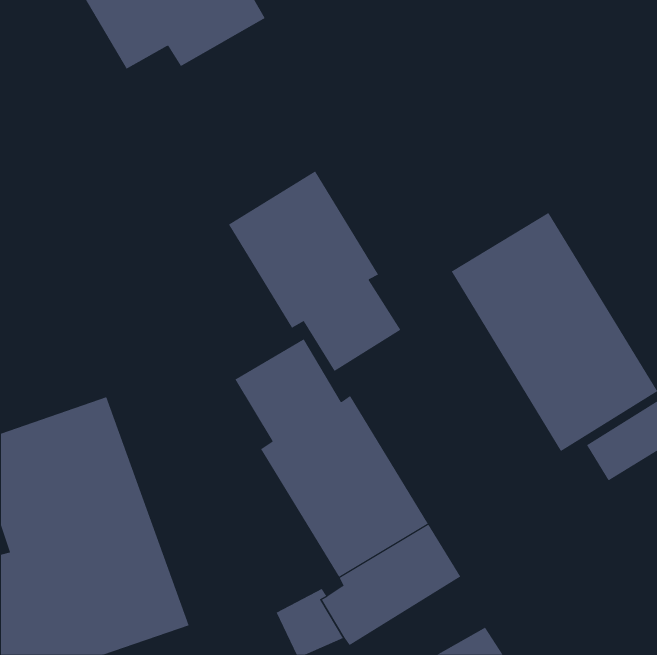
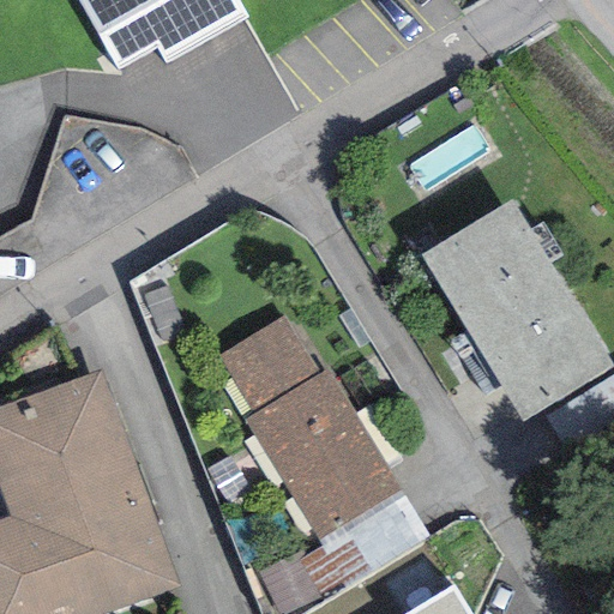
building: [228,170,401,372] -> none

